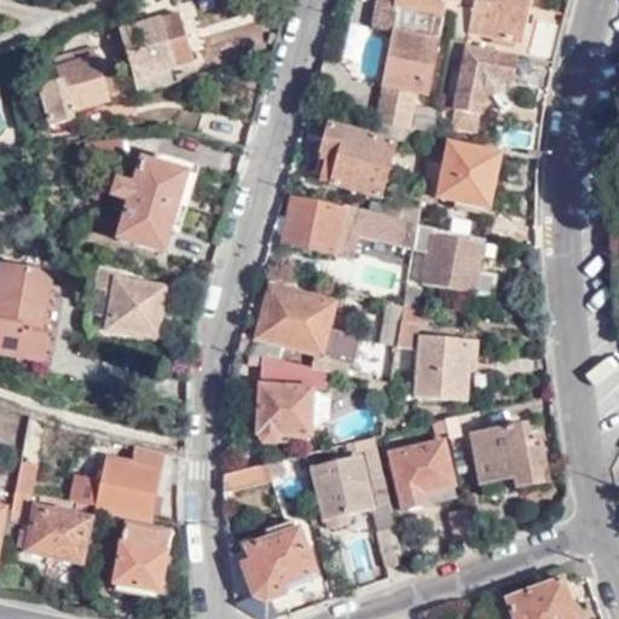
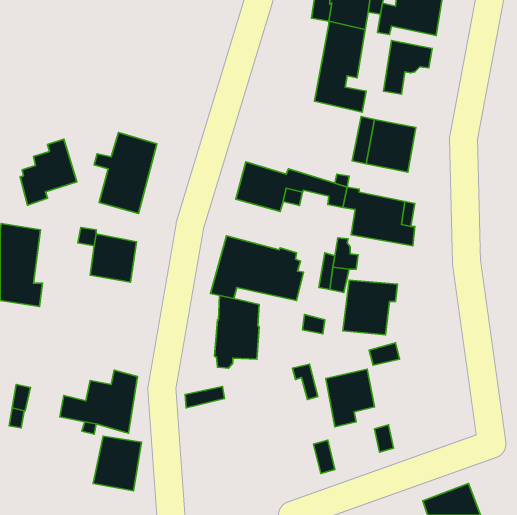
building: [116,12,189,91] -> none
building: [39,47,106,126] -> [20,139,77,205]
building: [313,126,395,192] -> none
building: [465,424,546,487] -> none
building: [312,456,370,528] -> none
building: [25,505,88,560] -> none
building: [242,521,311,600] -> none

